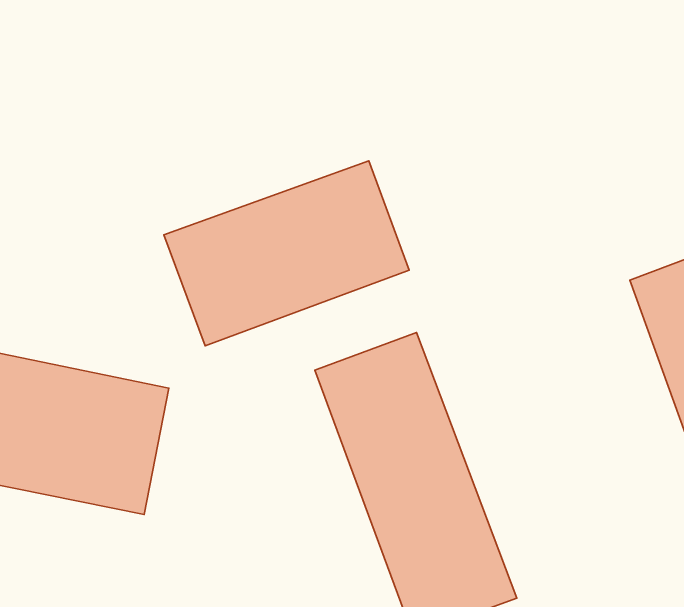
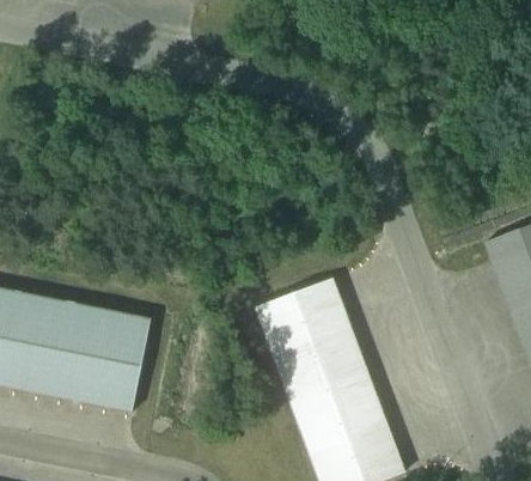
building: [164,161,409,346] -> none

